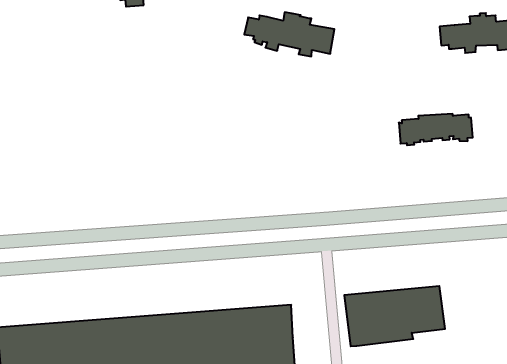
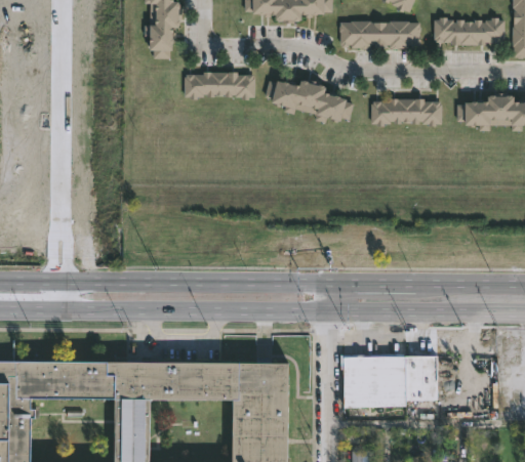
building: none -> [184,72,254,100]
building: [399,114,473,145] -> [370,98,441,127]

